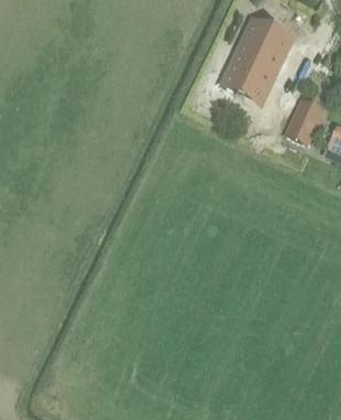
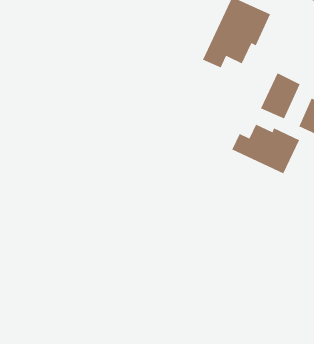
building: none -> [231,124,300,174]

